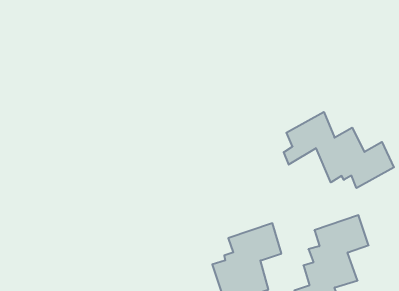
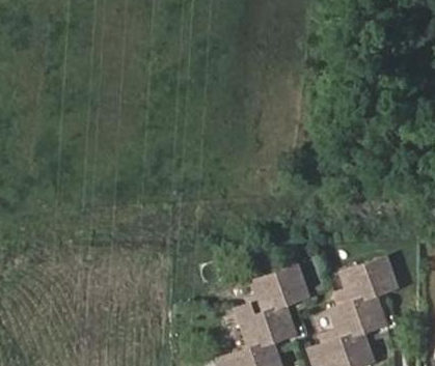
building: [284,112,394,188] -> none

